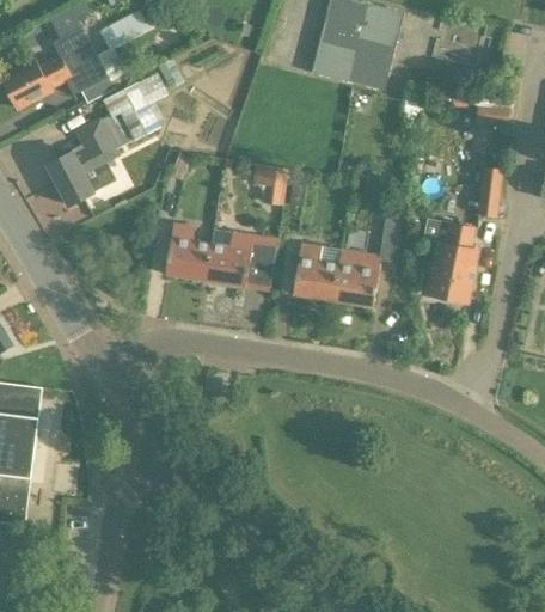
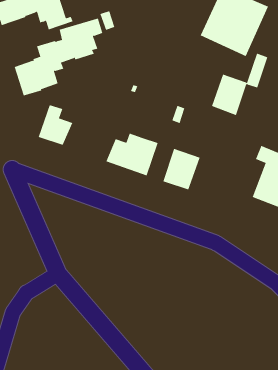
building: [252,165,287,203] -> none
building: [333,210,404,307] -> [211,53,268,116]
building: [165,224,213,280] -> [38,105,73,146]

